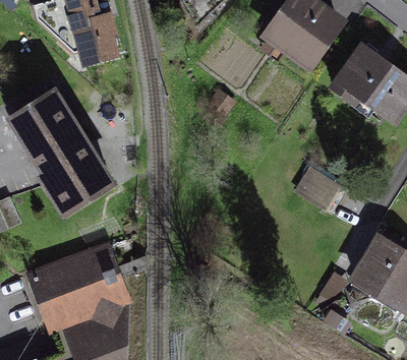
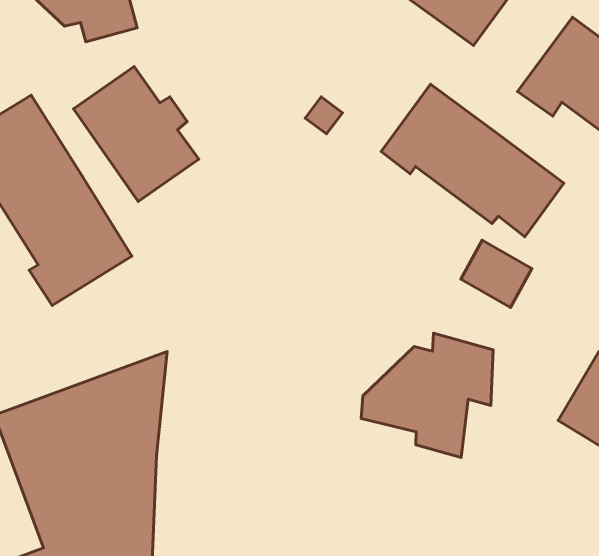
building: none -> [74,67,199,201]
building: none -> [381,84,564,237]
building: none -> [361,333,493,458]

